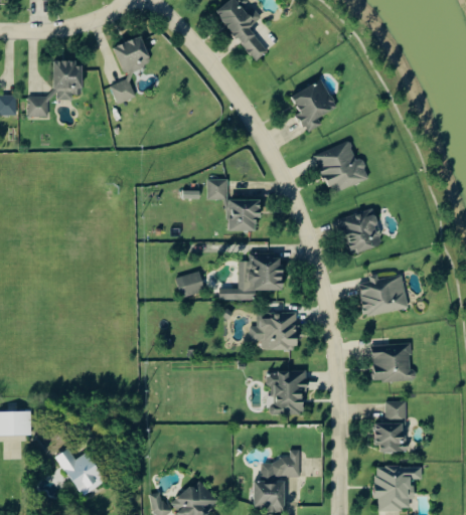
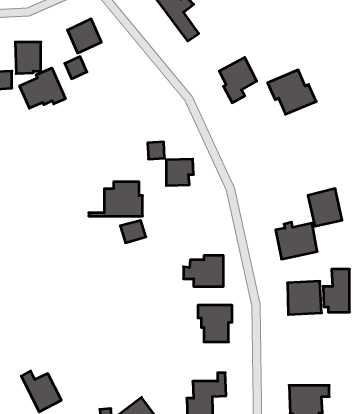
building: none -> [20,68,65,108]
building: [313,141,370,193] -> [268,70,316,114]
building: [341,209,381,253] -> [308,189,342,226]
building: [220,252,284,293] -> [89,182,143,216]
building: [374,401,406,452] -> [323,269,350,312]

